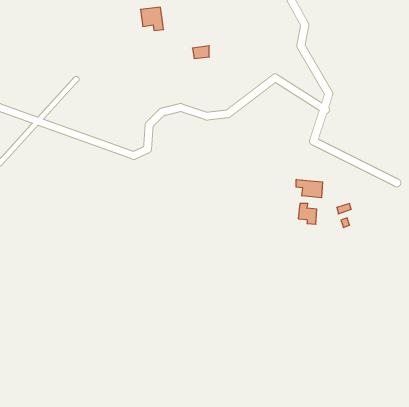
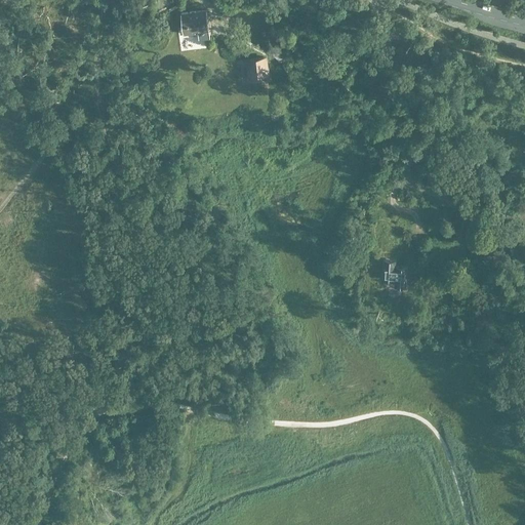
building: [296,179,323,198] -> none

